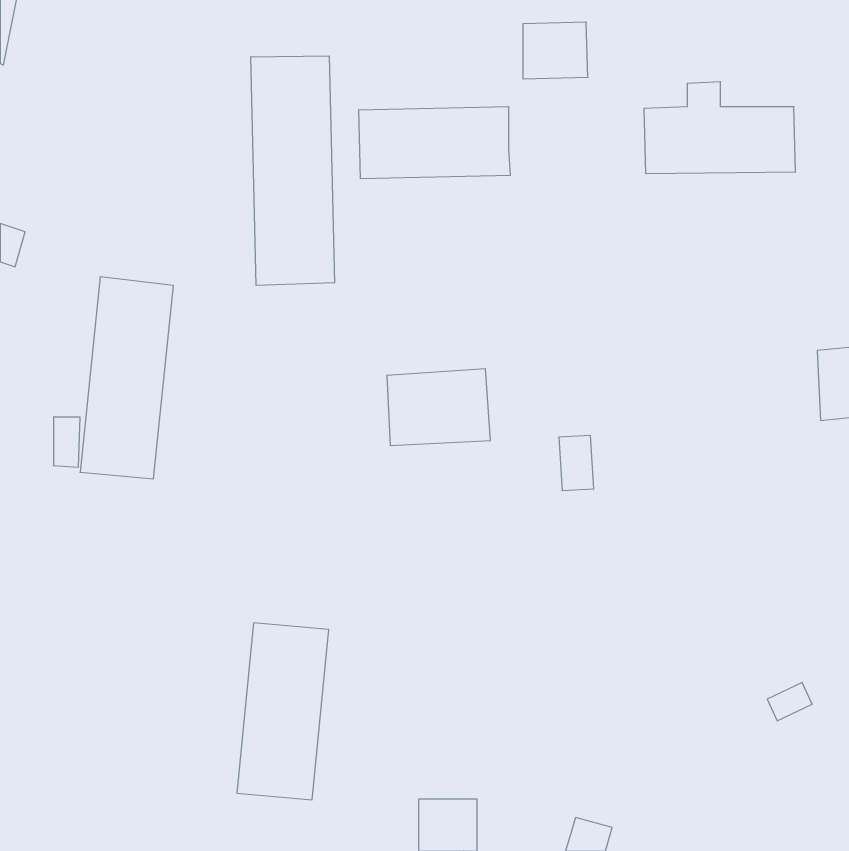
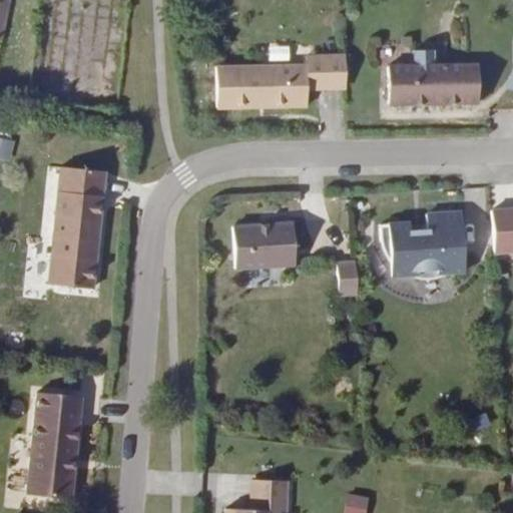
building: [523,22,588,79] -> [308,55,347,89]
building: [251,56,335,285] -> none
building: none -> [381,211,466,279]
building: [237,623,329,800] -> [28,392,83,498]

